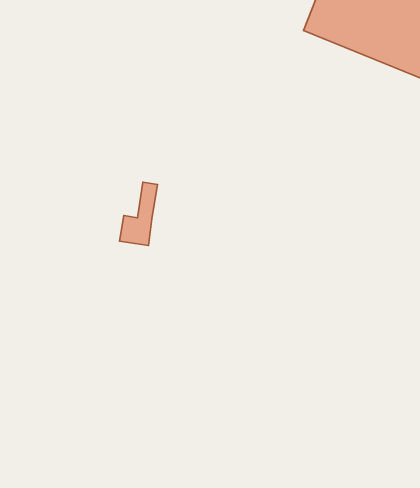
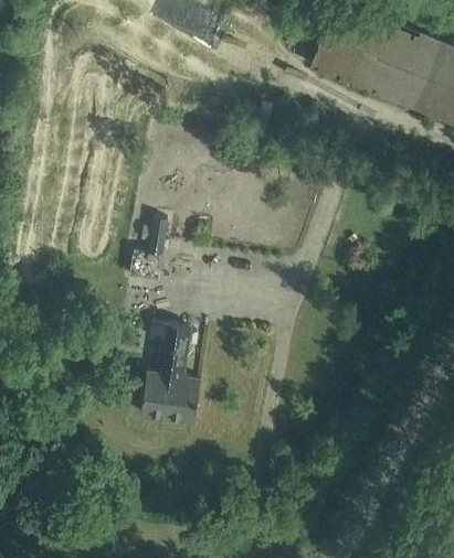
building: none -> [144,324,204,423]

